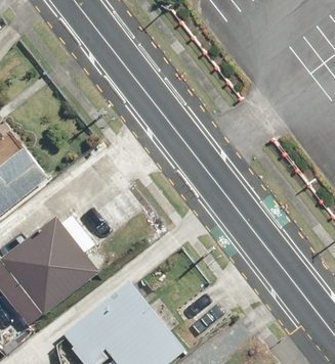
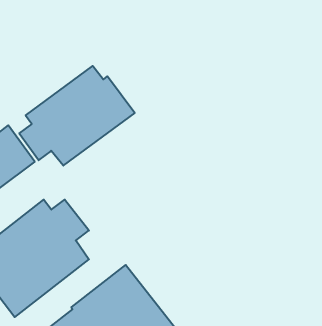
building: none -> [19,66,135,166]

